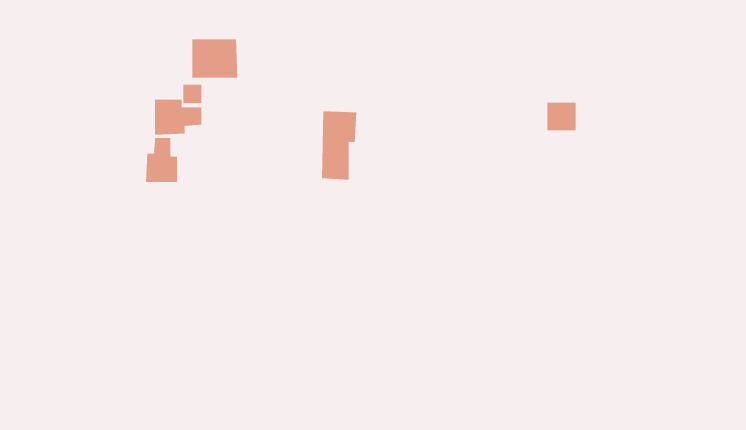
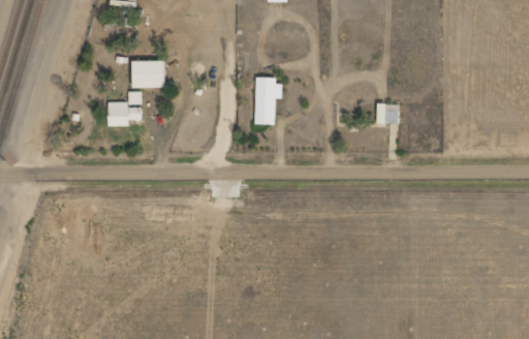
building: [321,111,357,180] -> [254,78,279,125]
building: [146,137,178,183] -> none

